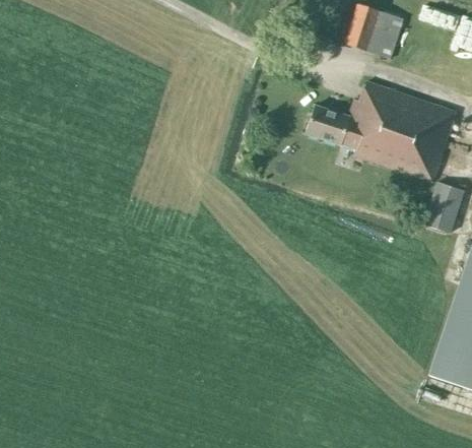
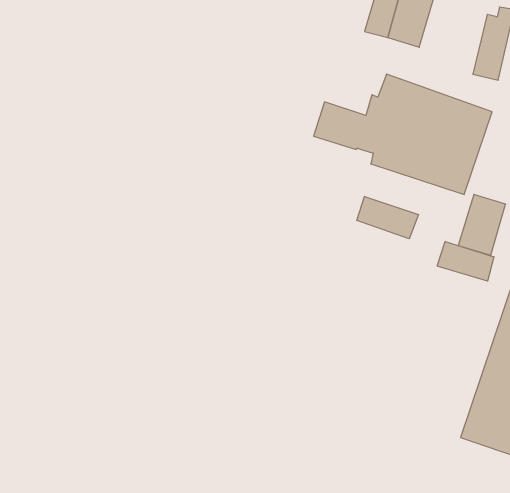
building: none -> [357,196,419,239]
building: none -> [437,241,494,281]

